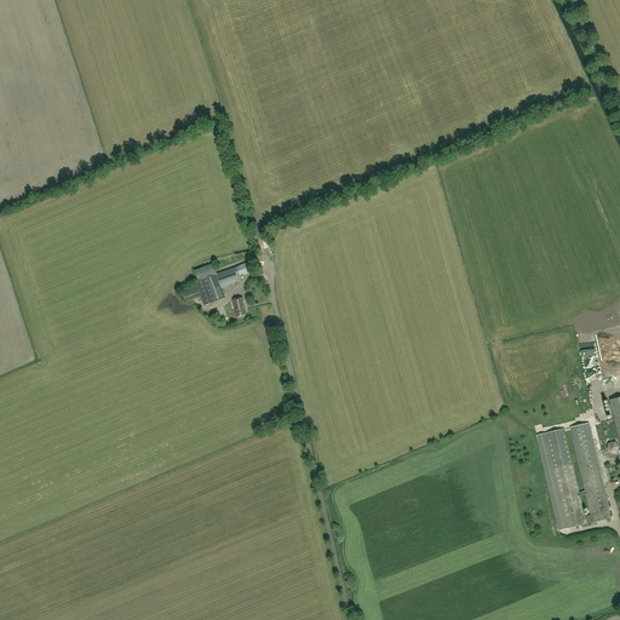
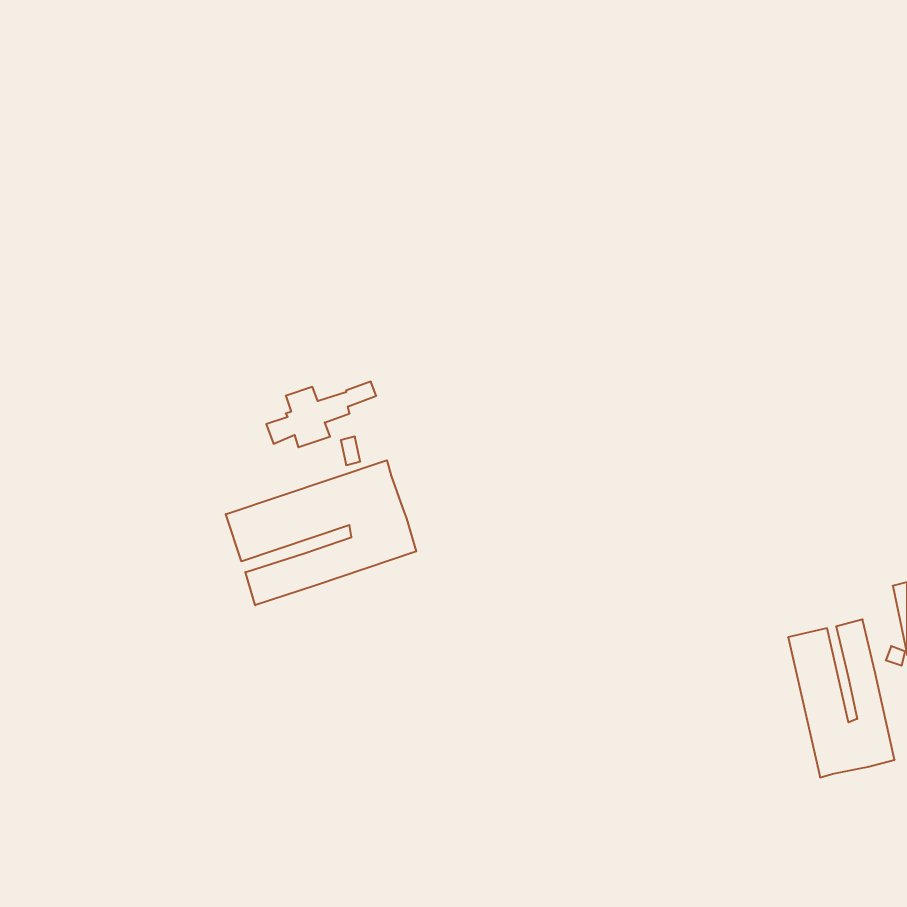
building: none -> [226,460,416,605]

